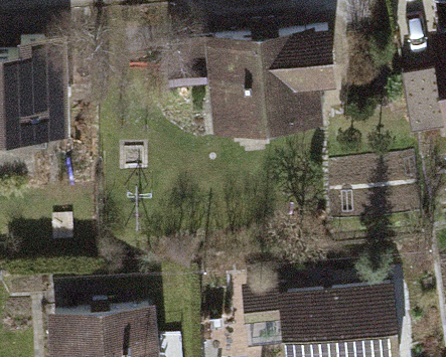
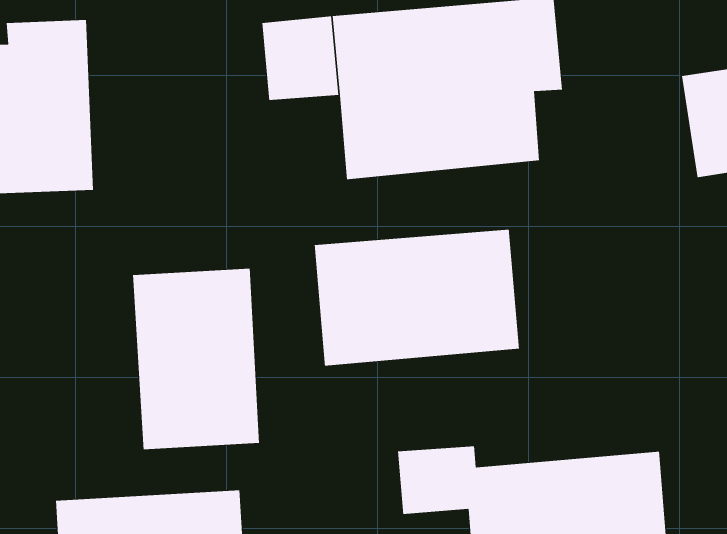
building: none -> [314,229,520,366]
building: none -> [132,268,259,450]

